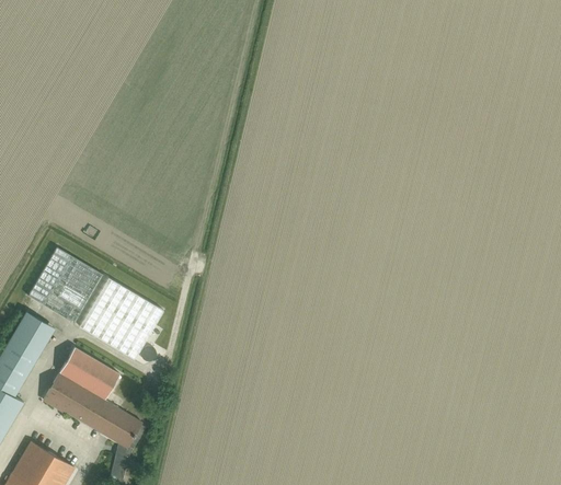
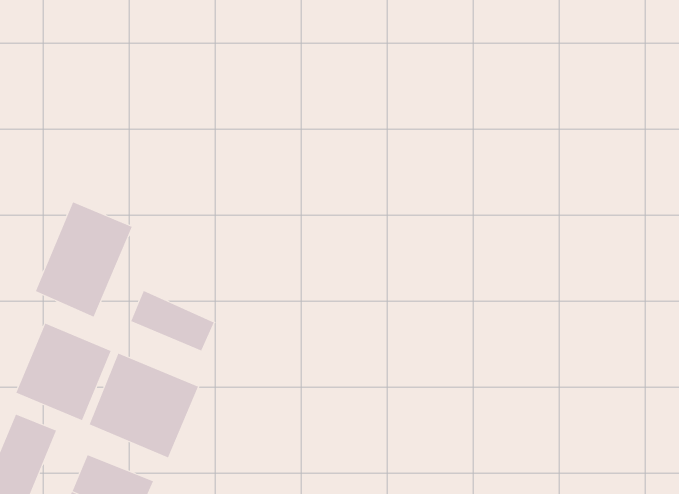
building: none -> [35,201,133,317]
building: none -> [131,290,214,352]

